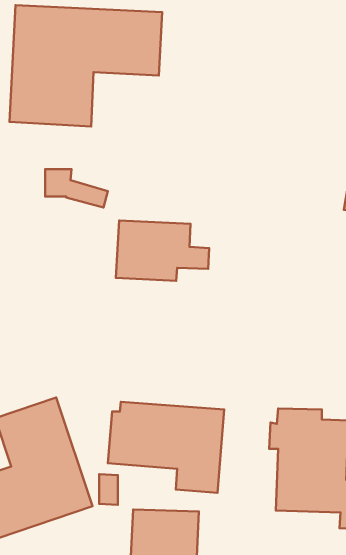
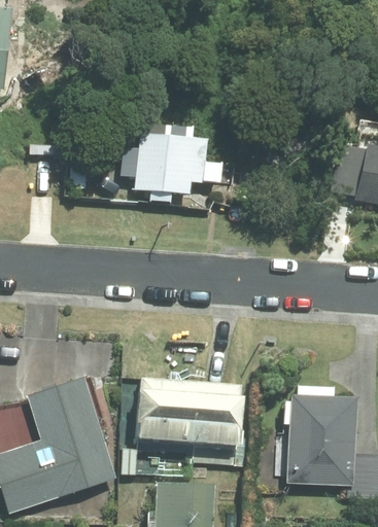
building: [9,5,162,126] -> none
building: [116,221,209,281] -> [133,137,220,194]

